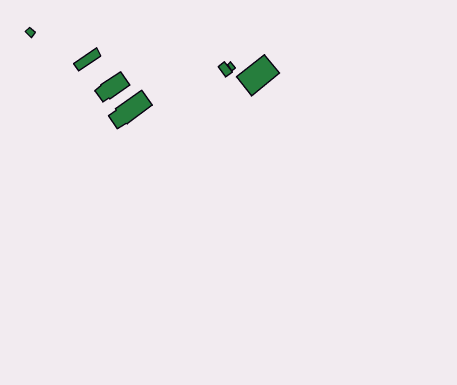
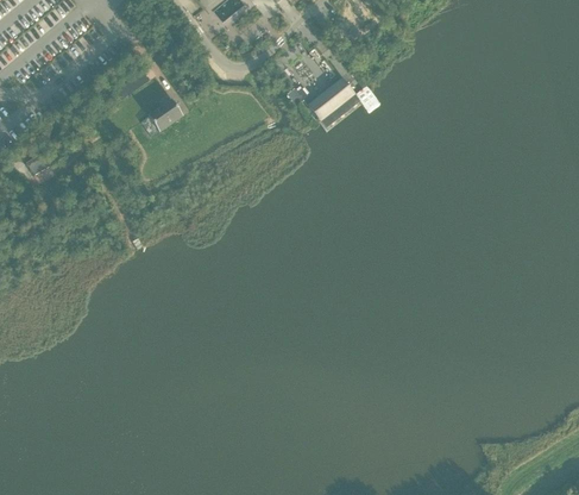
building: [109,90,152,129] -> none

